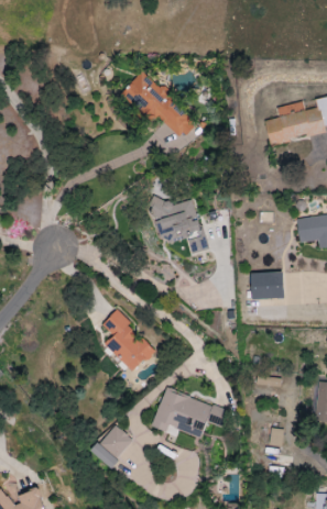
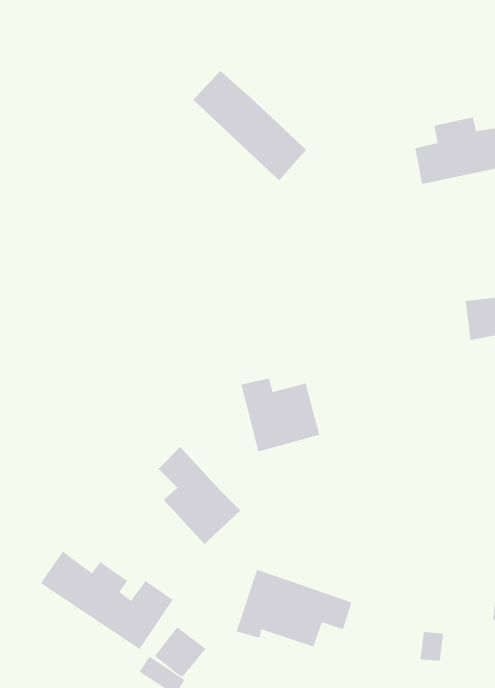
building: [151,196,201,243] -> [240,378,320,452]
building: [251,272,285,299] -> none
building: none -> [40,551,173,650]

